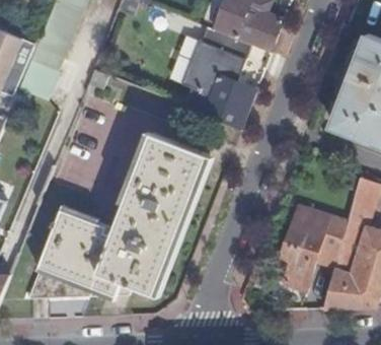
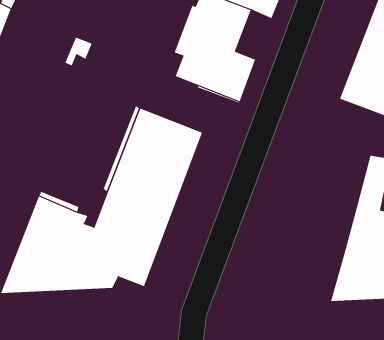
building: [282,204,347,288] -> none

